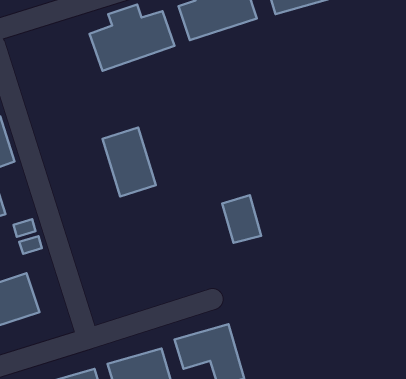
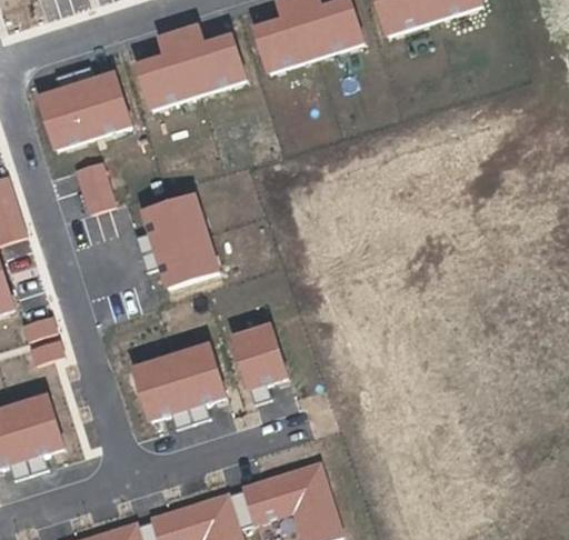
building: none -> [36,69,128,152]
building: none -> [76,161,116,213]
building: [222,195,261,243] -> [232,324,286,390]
building: none -> [132,341,224,419]

